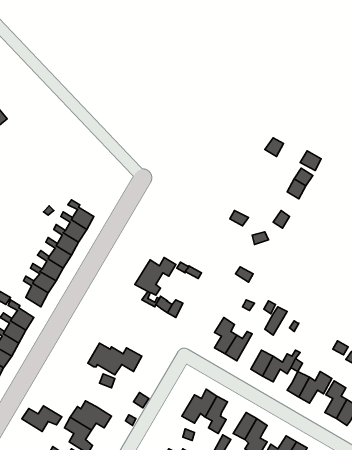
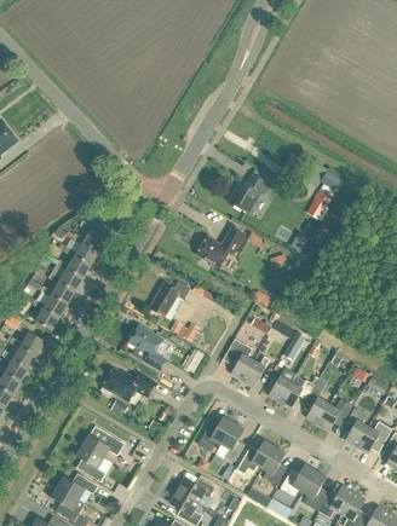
building: none -> [229,173,270,212]
building: none -> [197,225,246,267]
building: none -> [130,324,167,370]
building: [22,406,62,431] -> none

